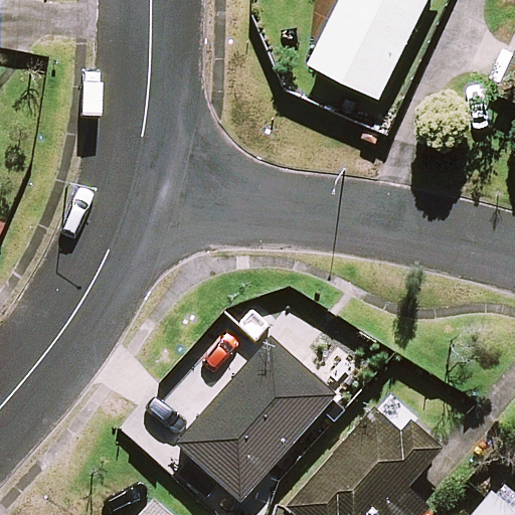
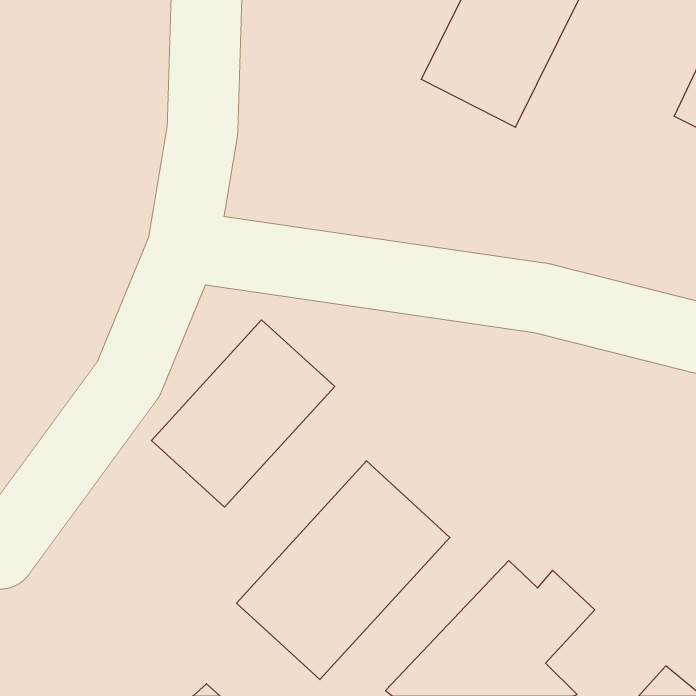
building: none -> [151,320,335,507]

